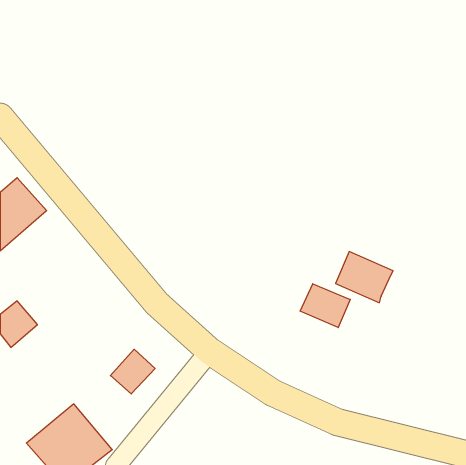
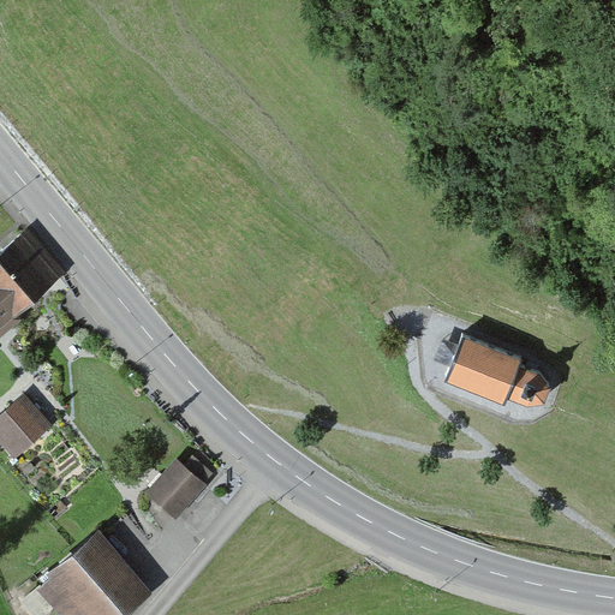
building: none -> [502,363,547,401]
building: [300,284,350,328] -> none

